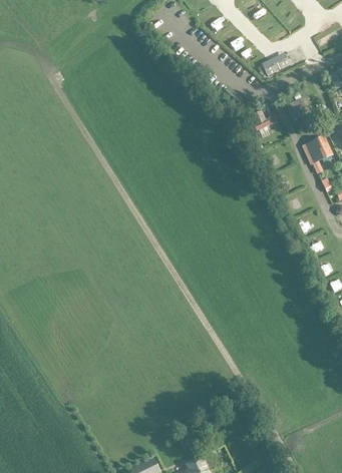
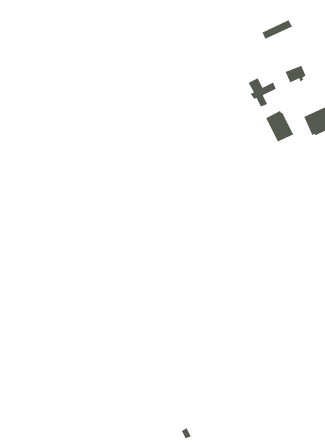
building: none -> [265,110,294,143]

